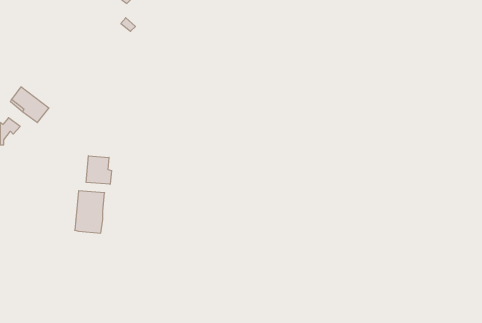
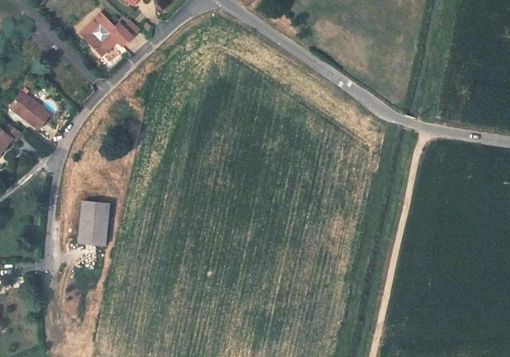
building: none -> [79,12,133,56]
building: [86,156,112,184] -> none

